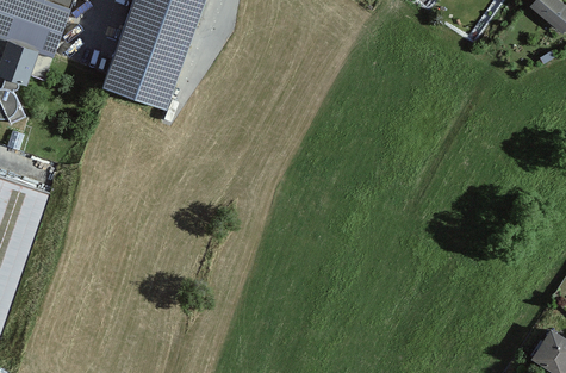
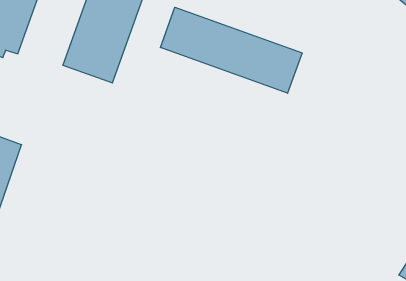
building: none -> [160,7,302,93]

